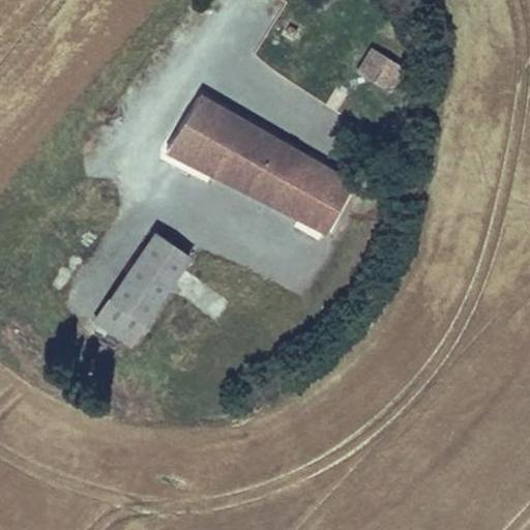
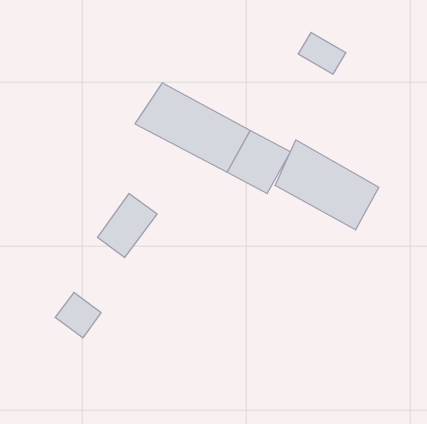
building: none -> [275,140,379,230]
building: [95,288,151,343] -> [55,292,101,338]

